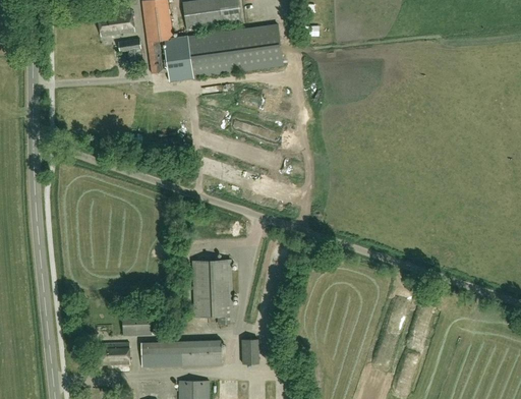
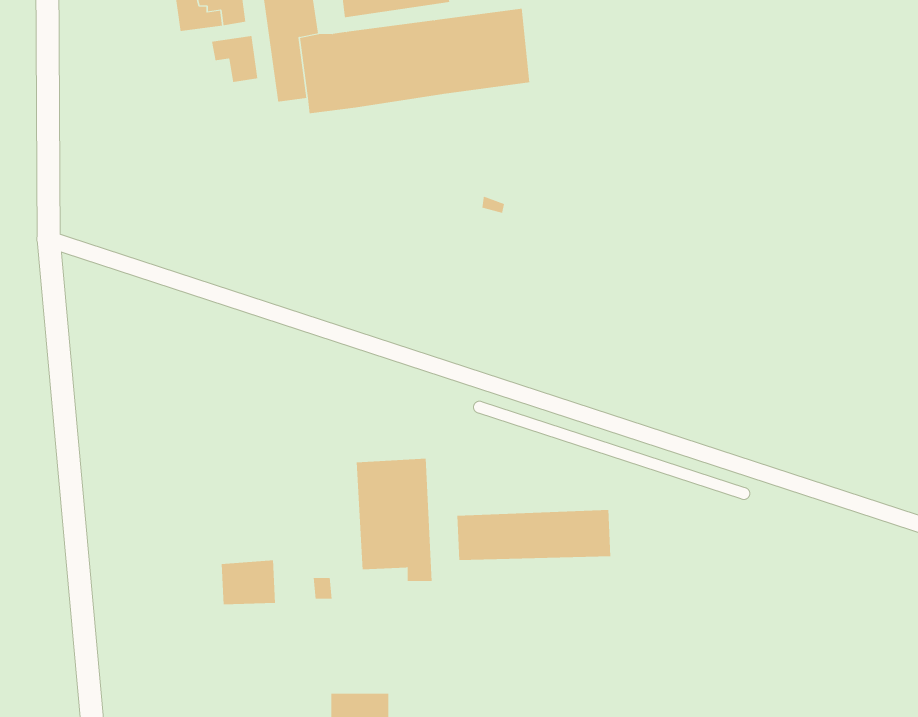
building: [241,339,259,364] -> none
building: [141,340,222,366] -> [456,510,611,560]
building: [98,343,130,365] -> none

